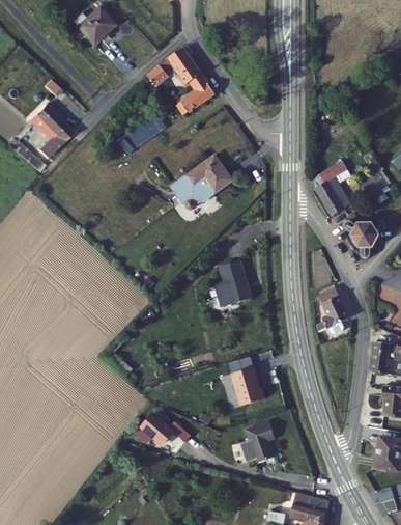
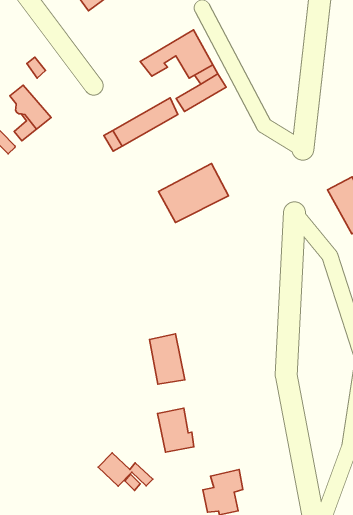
building: [216,262,250,307] -> [149,334,185,384]
building: [315,289,344,334] -> none
building: [230,368,264,408] -> [158,408,194,452]

